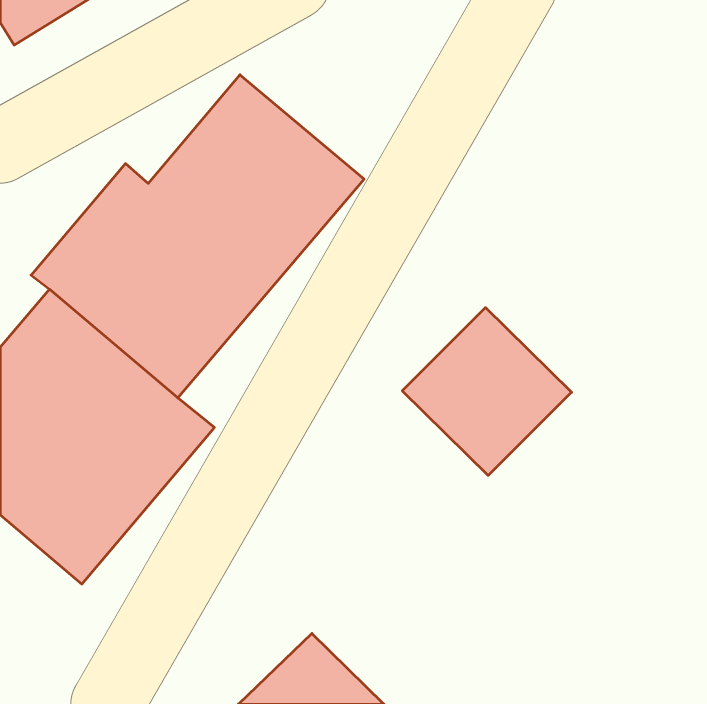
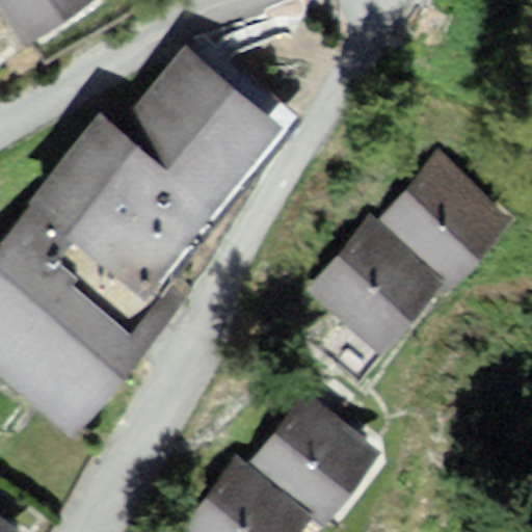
building: none -> [381,162,495,275]
building: none -> [259,395,372,508]

